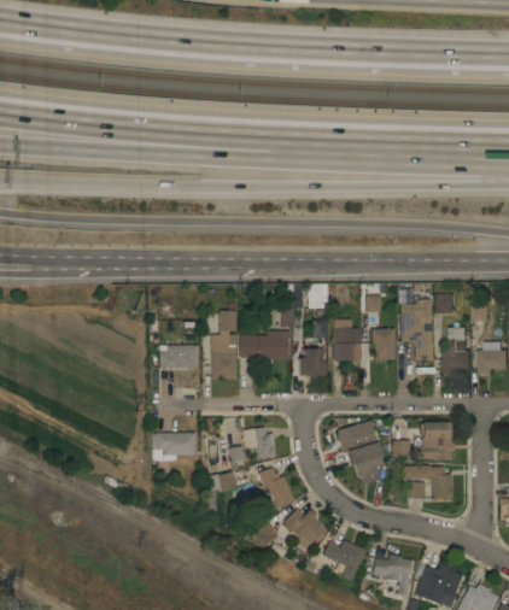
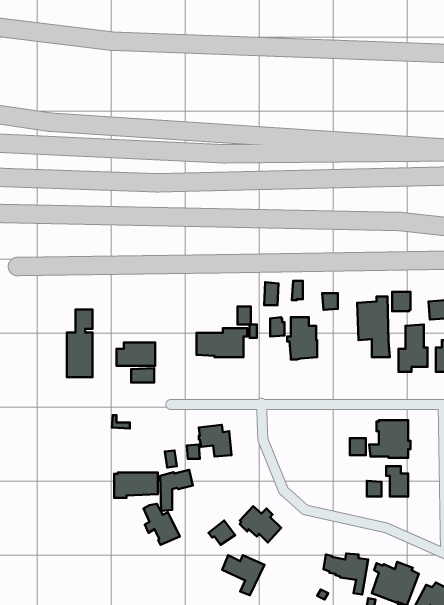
building: [211,311,236,379] -> [67,309,92,377]
building: [373,328,394,359] -> none
building: [294,348,326,375] -> none
building: [338,420,381,481] -> none
building: [152,433,195,458] -> [114,472,158,498]
building: [259,468,296,509] -> [144,504,180,545]
building: [323,540,365,580] -> [222,555,265,595]

